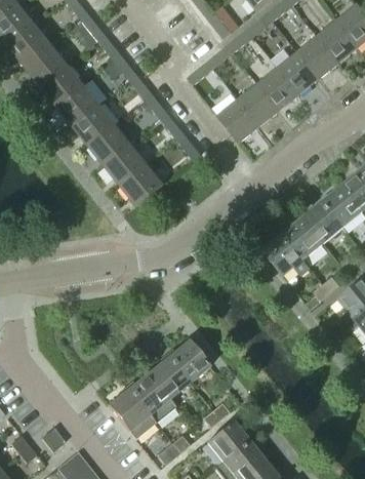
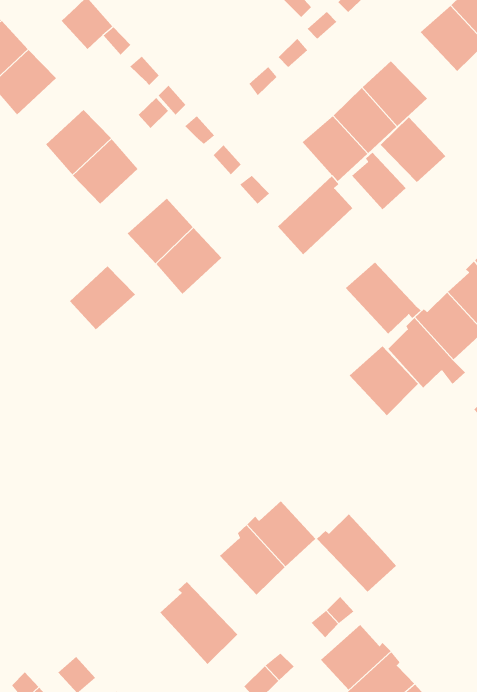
building: [278,52,319,94] -> [380,116,446,183]
building: [41,65,83,106] -> none
building: [89,125,131,165] -> [69,266,136,330]
building: none -> [351,152,406,210]
building: none -> [277,176,353,255]
building: none -> [345,261,421,334]
building: none -> [349,345,419,416]
building: [126,371,175,422] -> [316,514,397,592]

